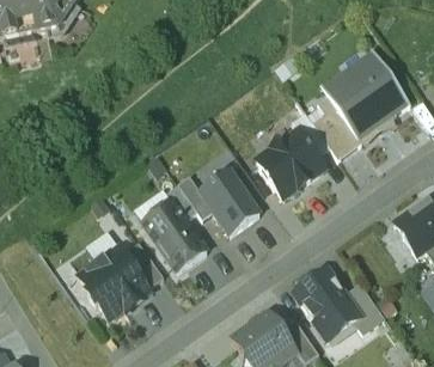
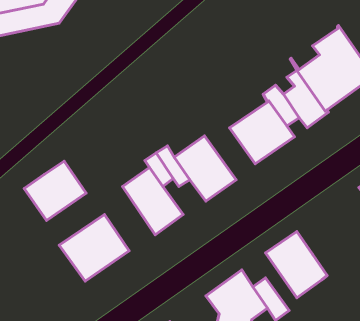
building: none -> [24,161,86,220]
building: [343,281,384,331] -> none

